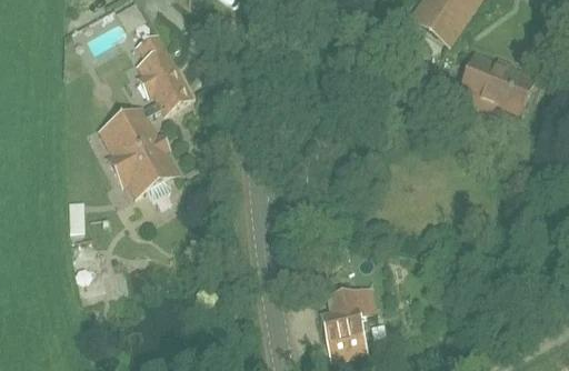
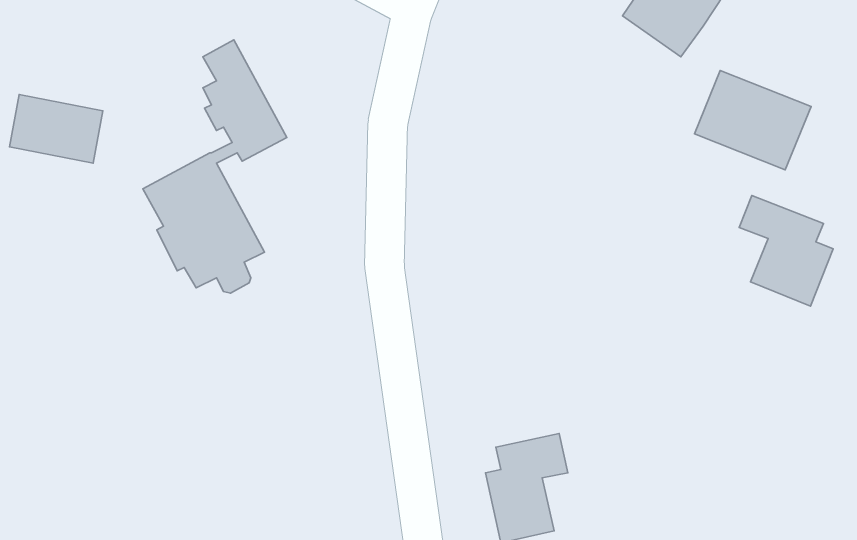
building: none -> [9,94,103,163]
building: none -> [739,195,833,306]

